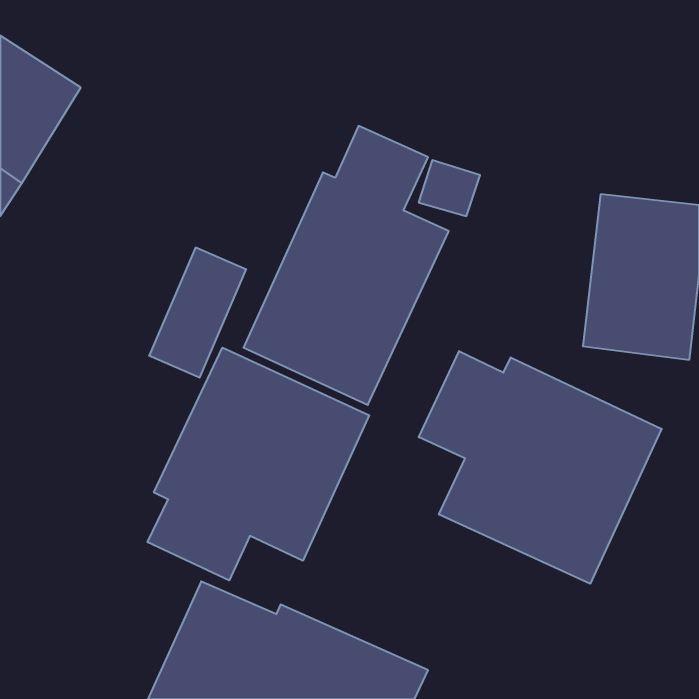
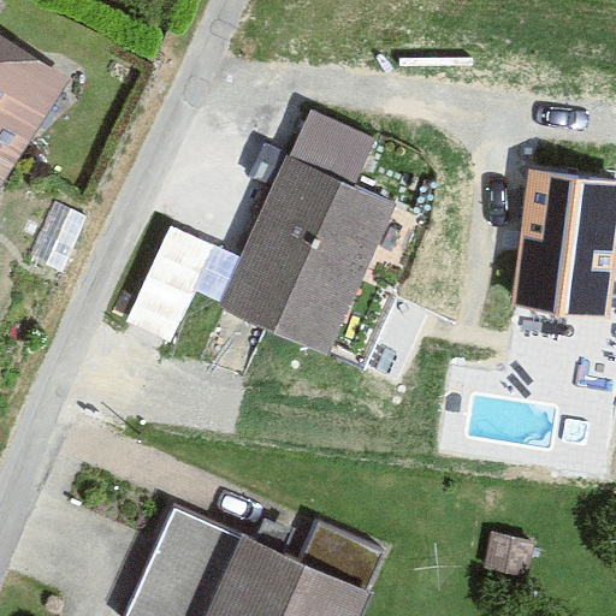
building: [148,348,369,580] -> none
building: [419,351,662,584] -> none

